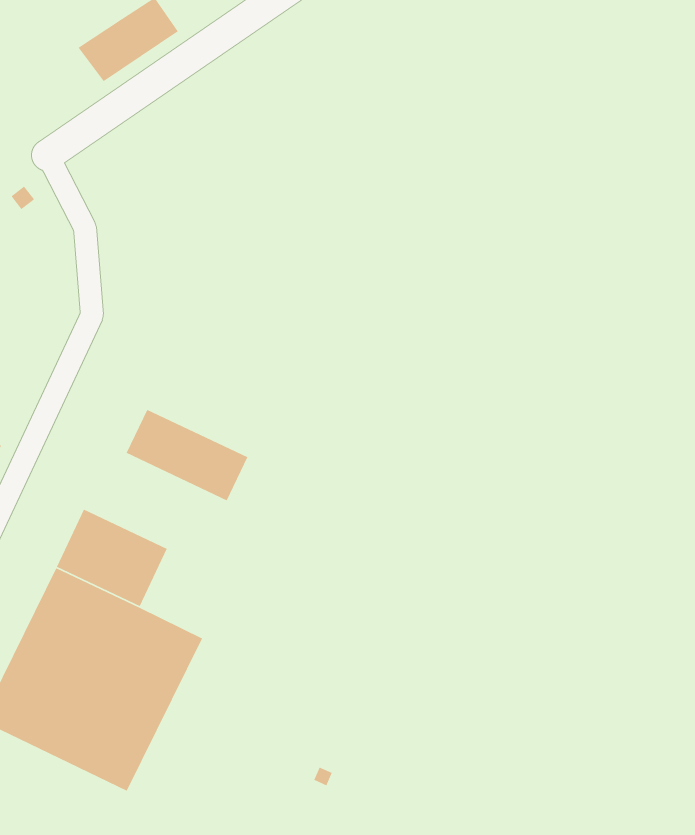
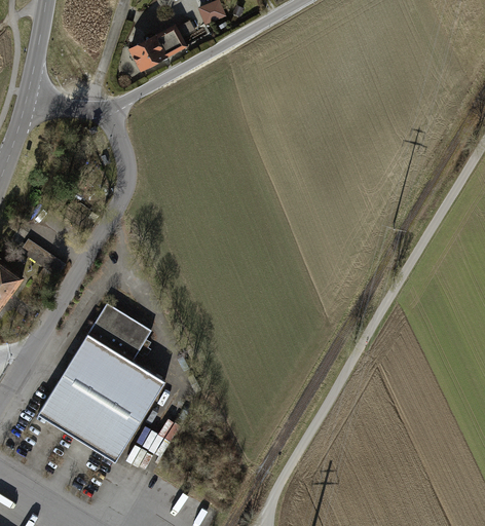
building: [125,409,249,501] -> none

